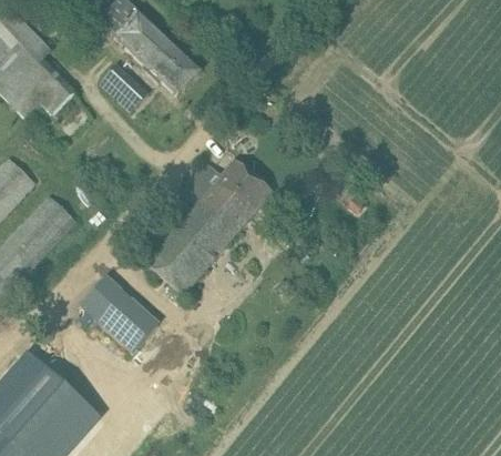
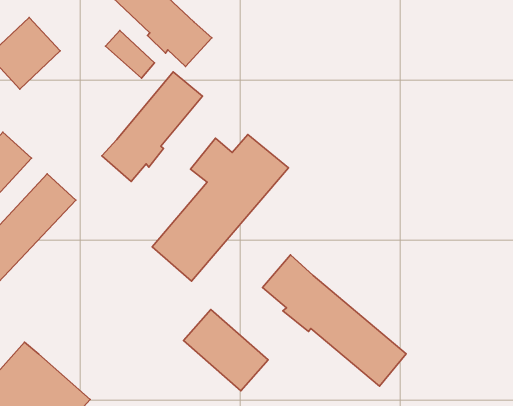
building: none -> [102,72,203,181]
building: none -> [262,255,406,386]
building: [80,277,159,353] -> [184,310,268,391]

